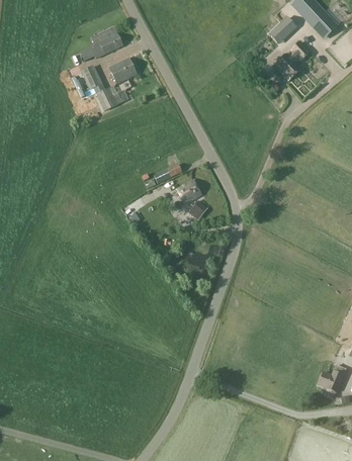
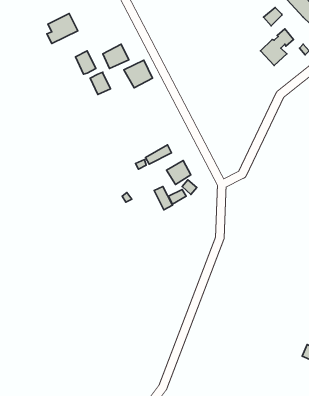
building: [91,26,123,58] -> [47,14,78,44]
building: none -> [124,60,152,88]

